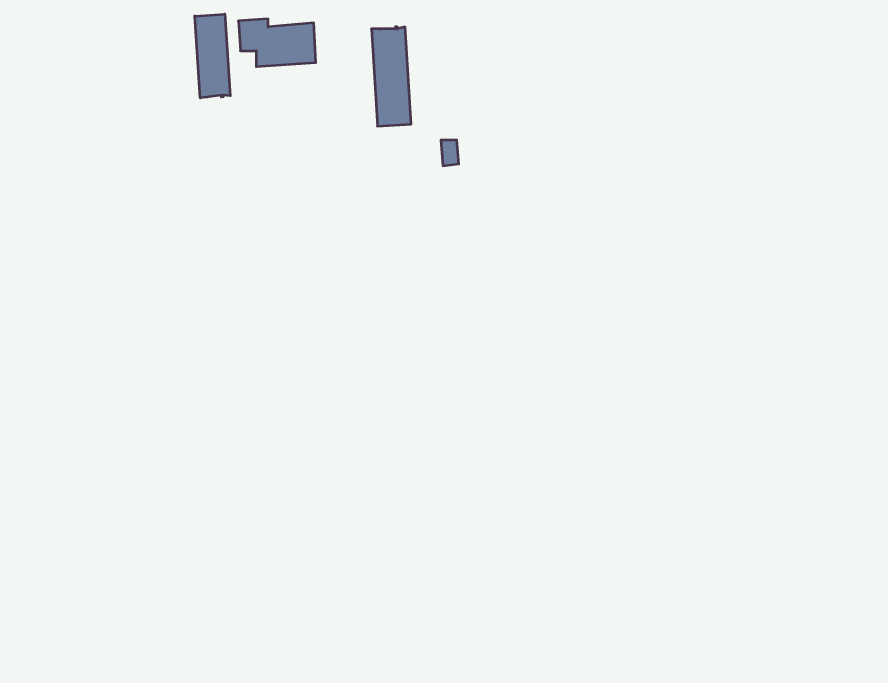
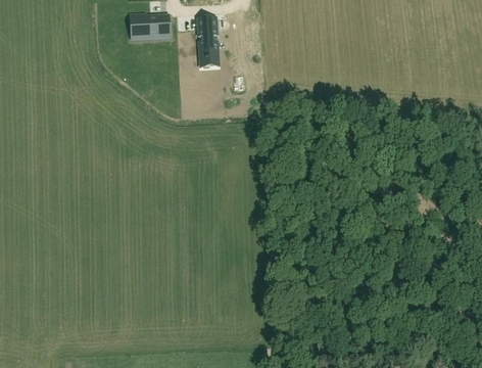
building: [195,14,230,98] -> none

